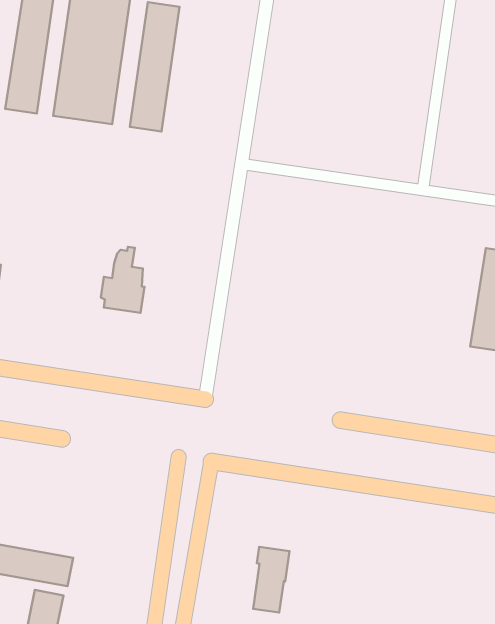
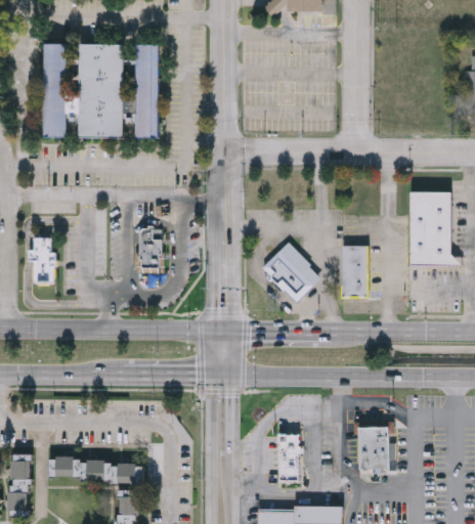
building: none -> [260,243,317,300]
building: none -> [342,245,365,295]
building: none -> [358,429,388,471]

